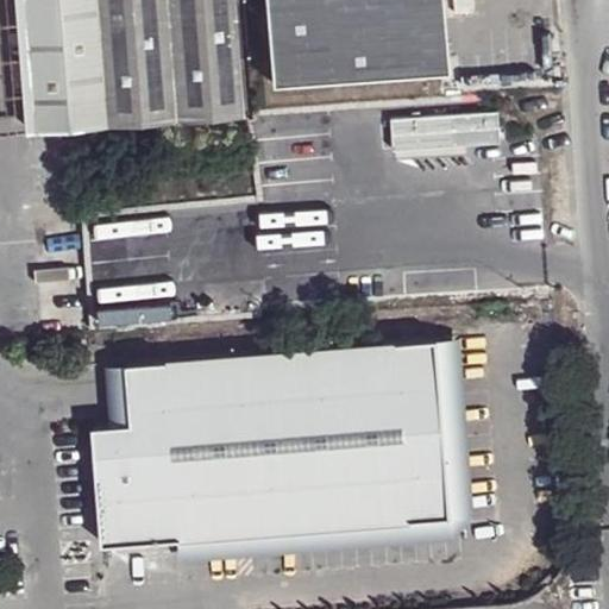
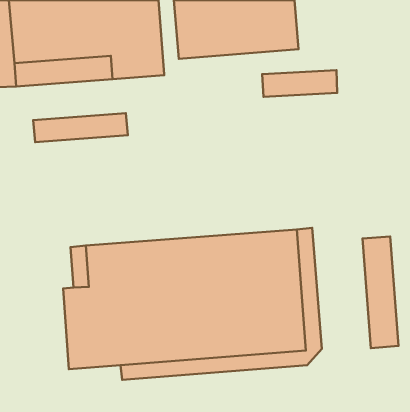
building: none -> [33,113,128,142]
building: none -> [363,236,399,348]

